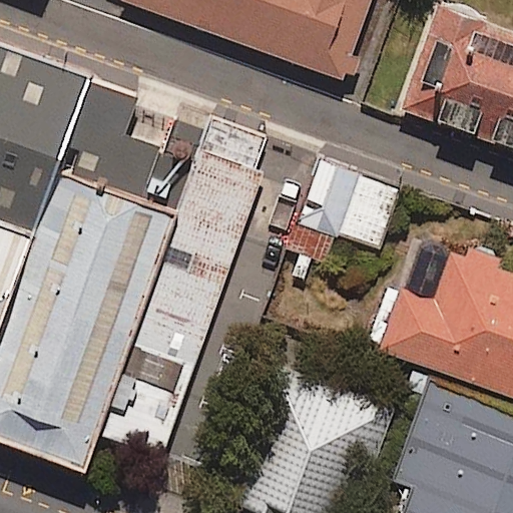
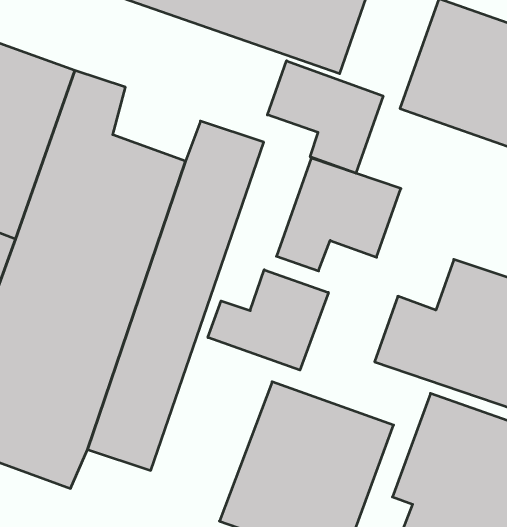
building: none -> [267,61,383,173]
building: none -> [208,270,328,370]

